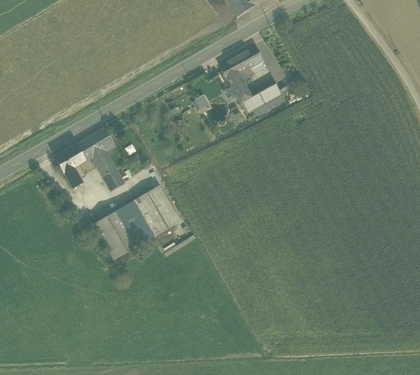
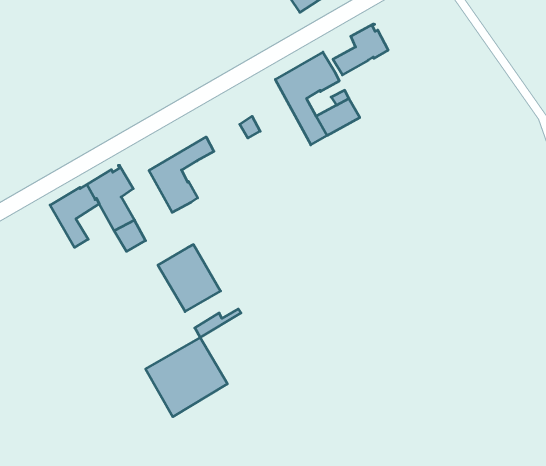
building: none -> [333,24,388,75]
building: none -> [149,137,214,212]
building: [93,201,153,259] -> [146,338,227,417]

